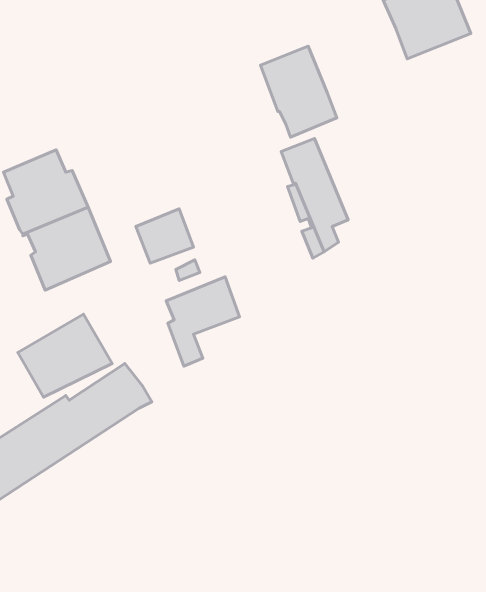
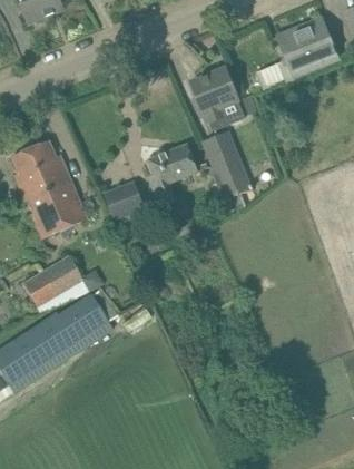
building: [166,277,240,366] -> [147,143,198,205]

